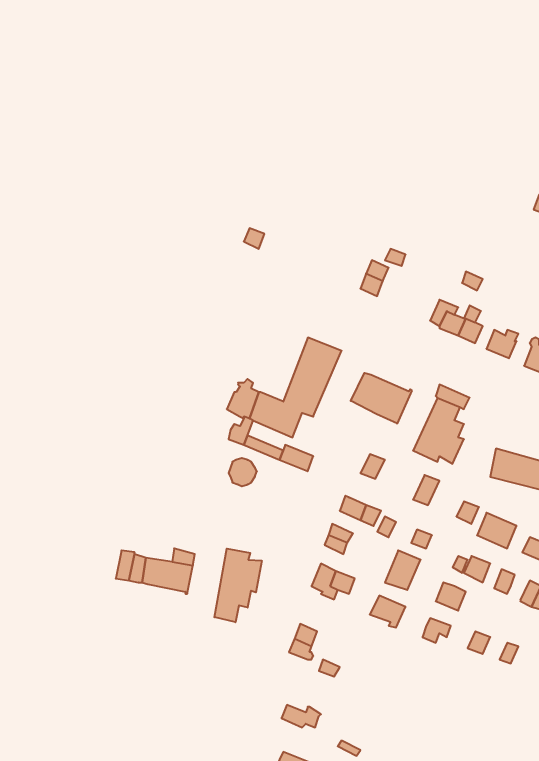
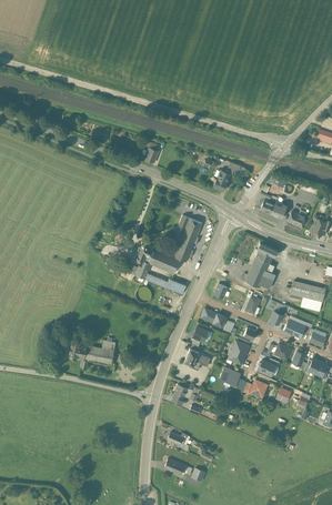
building: [351,373,412,424] -> none
building: [214,549,262,622] -> none

